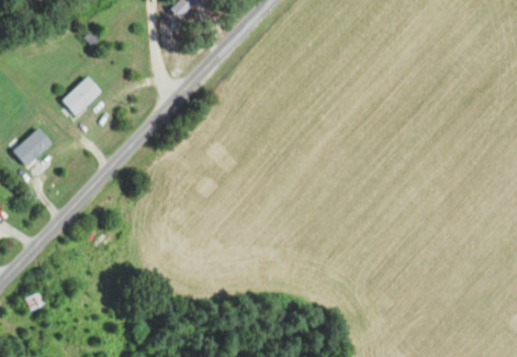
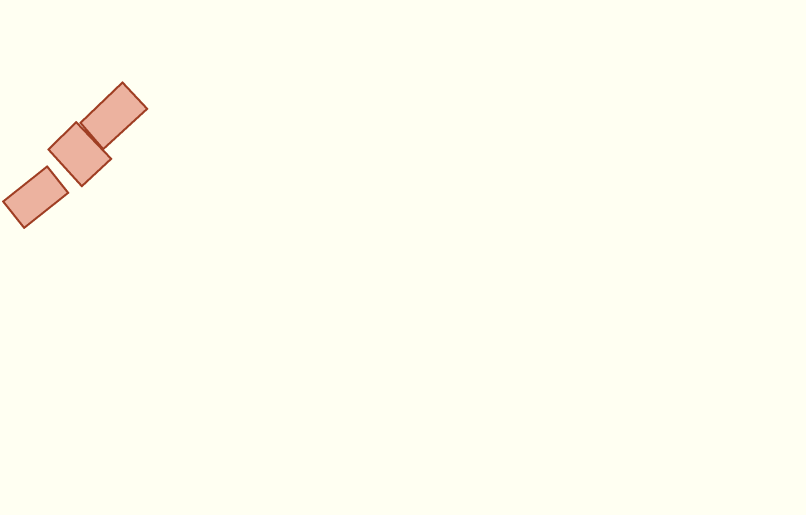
building: none -> [49,122,111,186]

